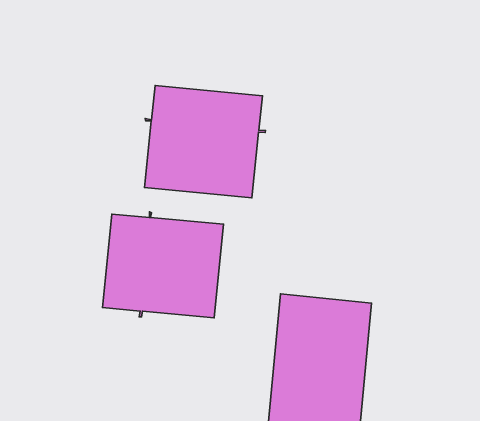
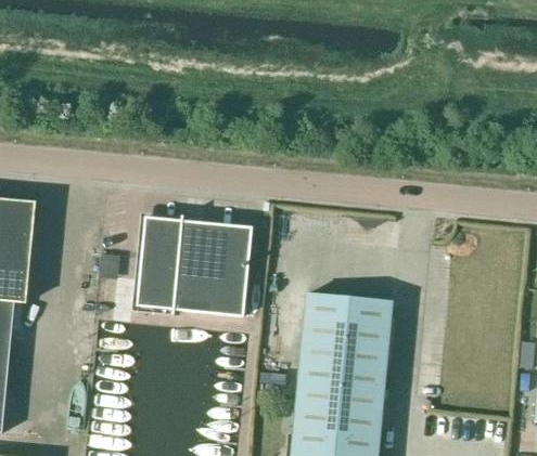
building: [144,85,266,198] -> none

